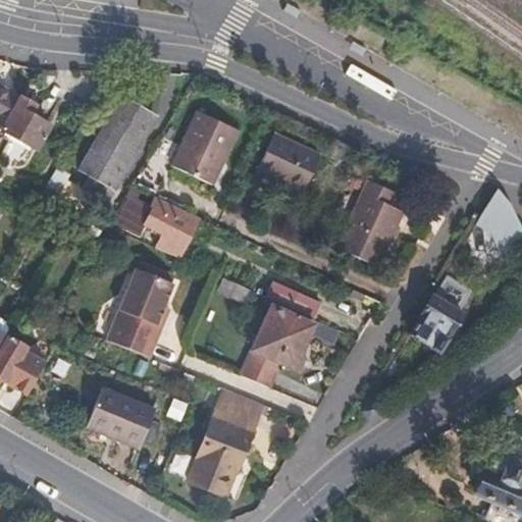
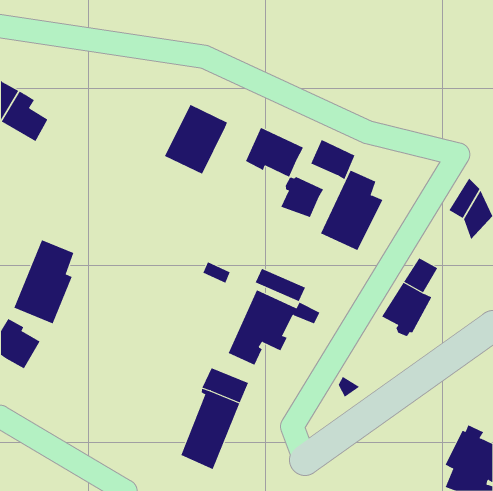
building: [83,96,155,193] -> none
building: none -> [310,139,355,180]
building: none -> [280,176,324,218]
building: [114,187,201,260] -> none
building: [106,268,170,358] -> [14,239,74,324]
building: [87,387,153,446] -> none

